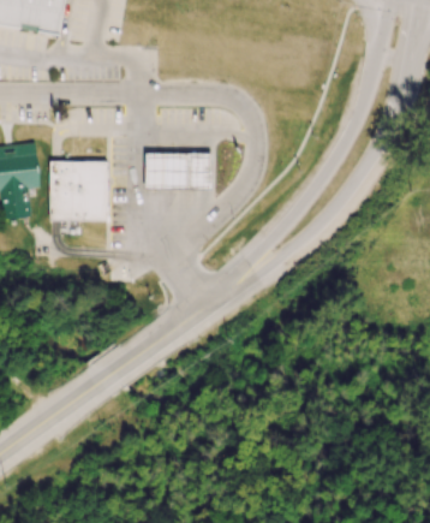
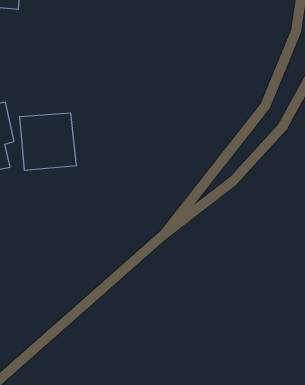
building: [143,150,214,189] -> none

